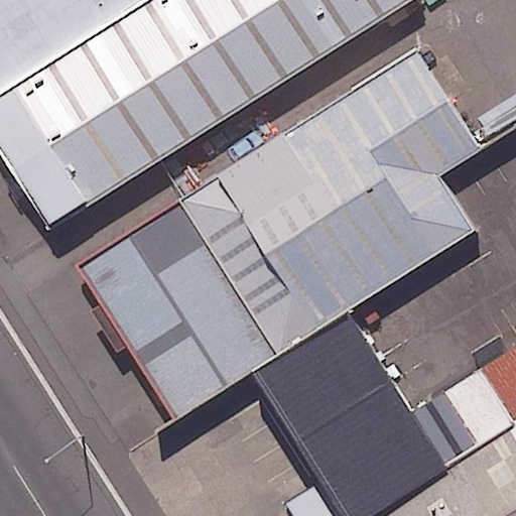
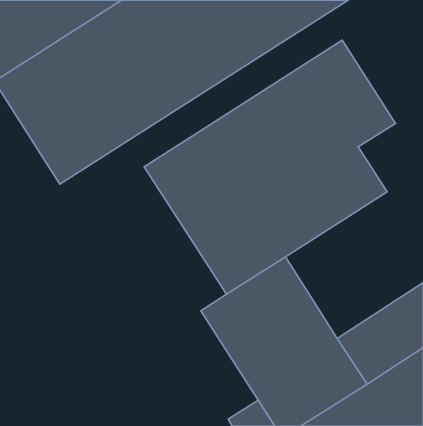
building: [83,202,274,415] -> none

